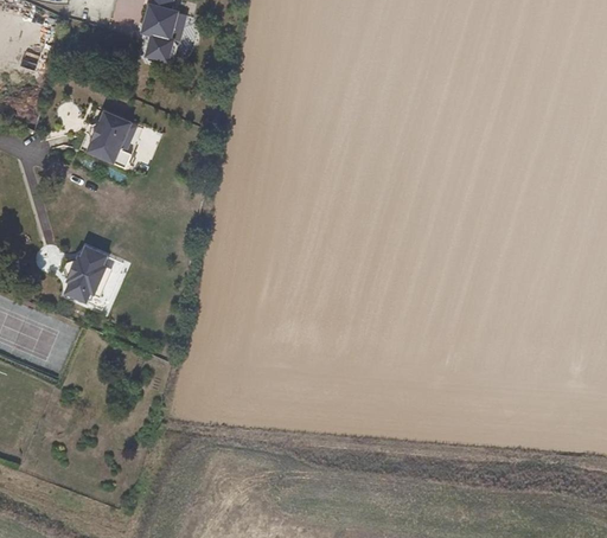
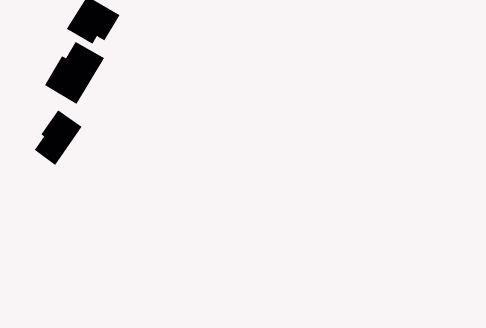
building: none -> [44,41,105,105]

